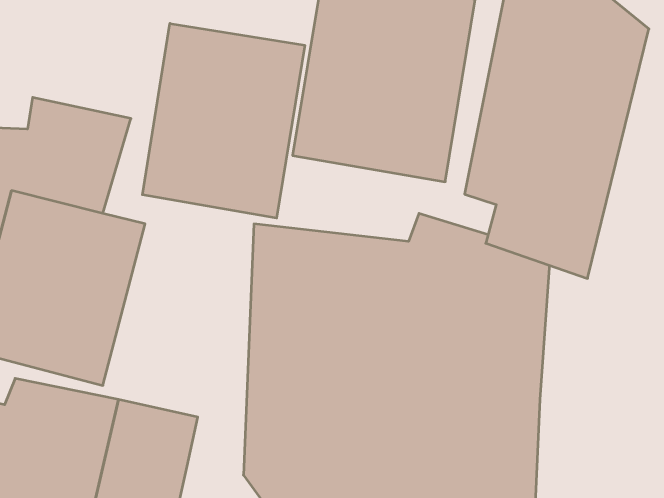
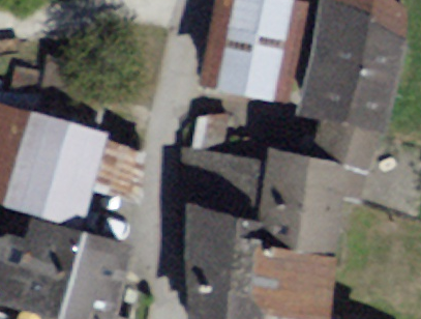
building: [142,23,305,218] -> none

